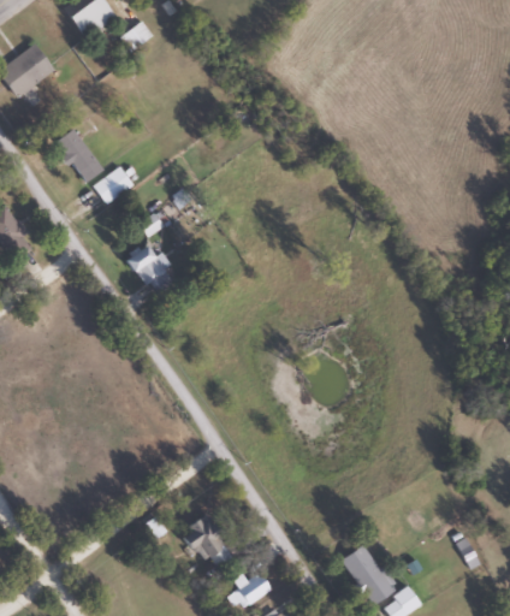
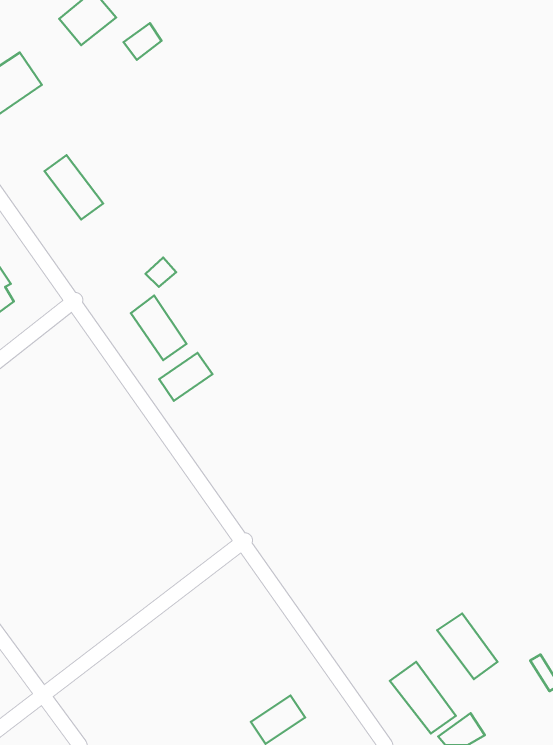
building: [94,165,134,203] -> none
building: none -> [159,353,212,401]
building: none -> [437,614,497,679]
building: [184,514,231,564] -> none

